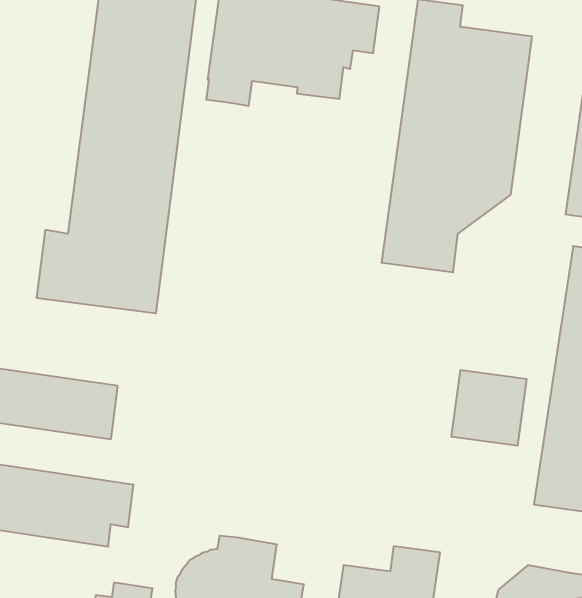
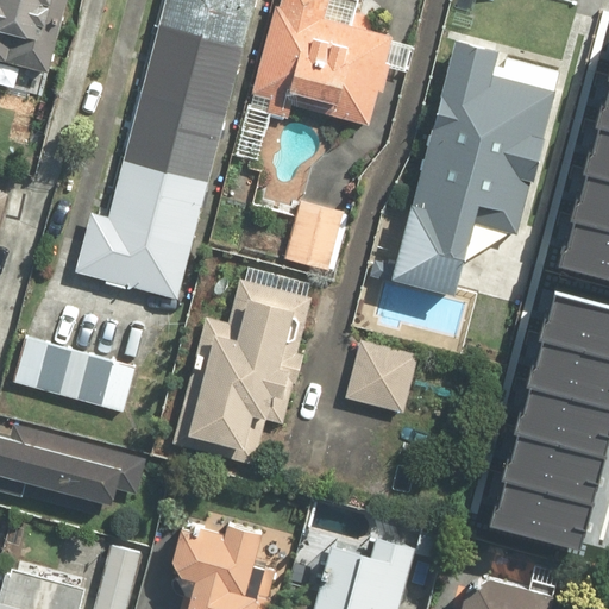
building: none -> [284,200,352,275]
building: none -> [171,280,310,466]
building: [451,370,527,446] -> [344,340,419,415]

